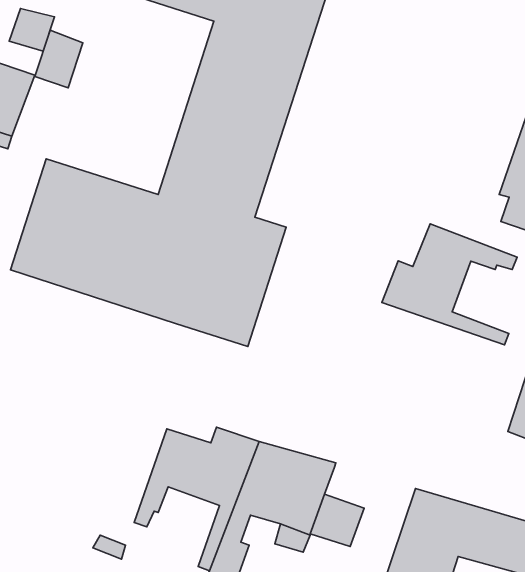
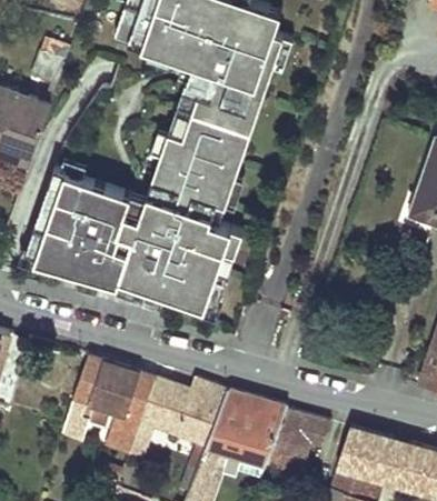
building: [35,30,83,88] -> none
building: [382,224,517,345] -> none
building: none -> [62,359,155,457]
building: none -> [278,411,330,447]

